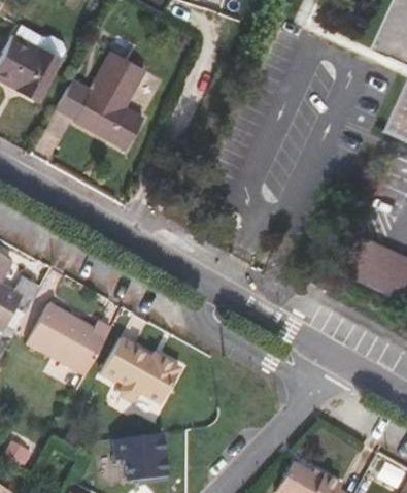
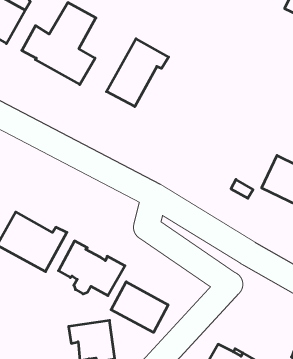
building: none -> [106,39,169,107]
building: none -> [111,282,168,332]

